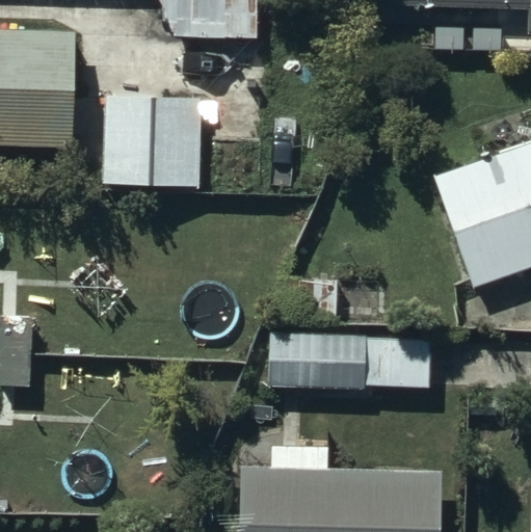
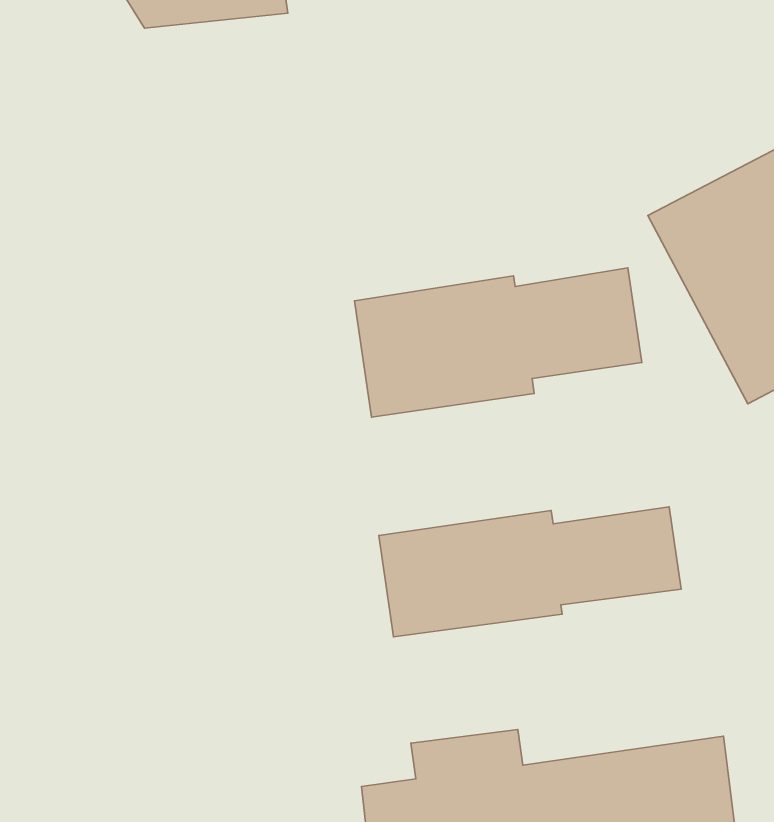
building: [113,101,203,185] -> none
building: none -> [355,268,642,417]

